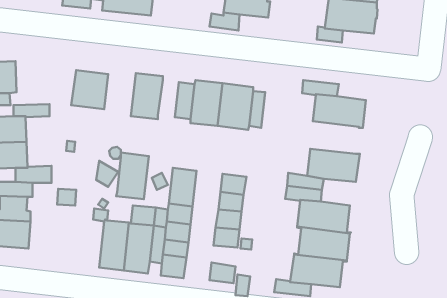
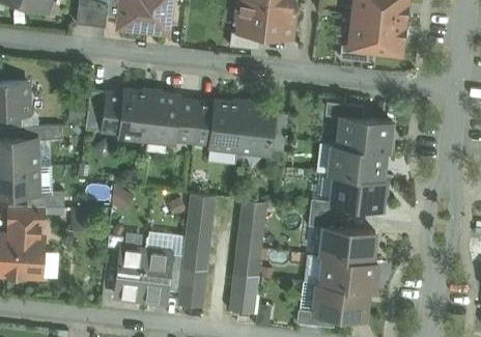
building: none -> [175,102,197,140]
building: none -> [330,143,385,178]
building: [116,152,149,199] -> [118,90,152,139]

